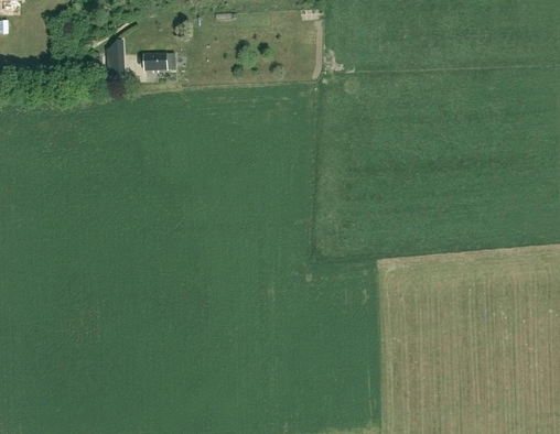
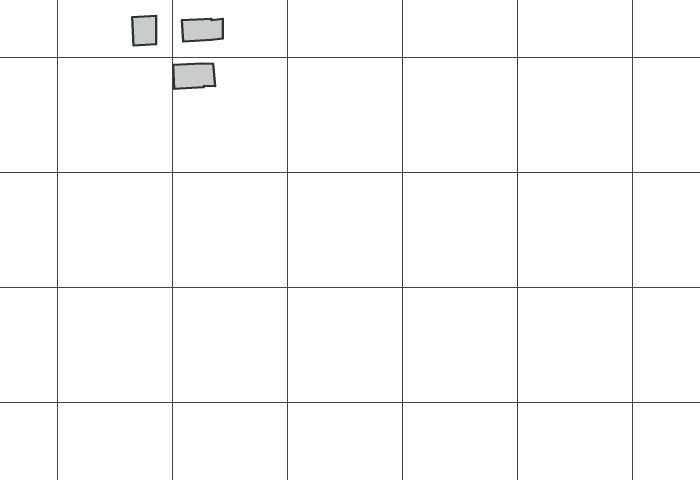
building: none -> [173,63,215,89]

